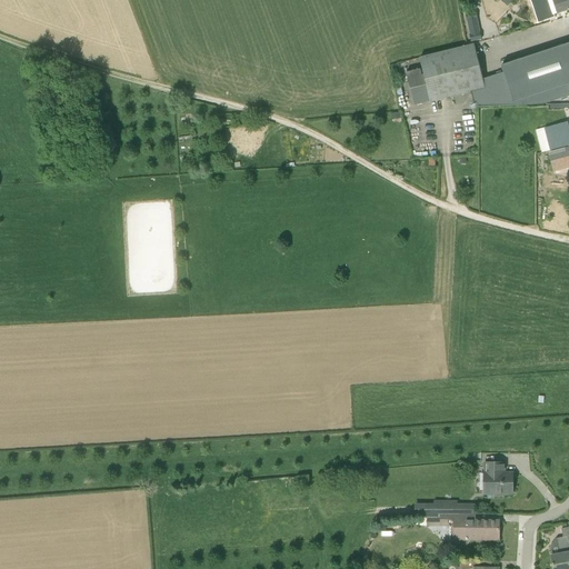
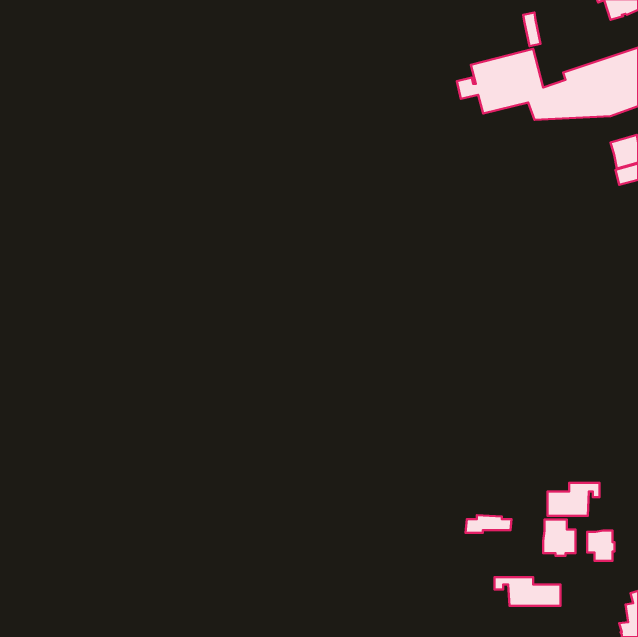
building: none -> [547,483,600,516]
building: none -> [587,531,614,561]
building: [425,500,466,516] -> [465,515,512,533]

